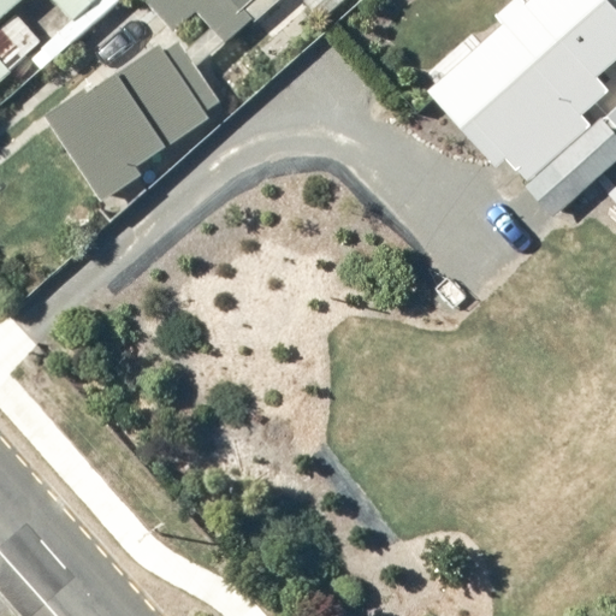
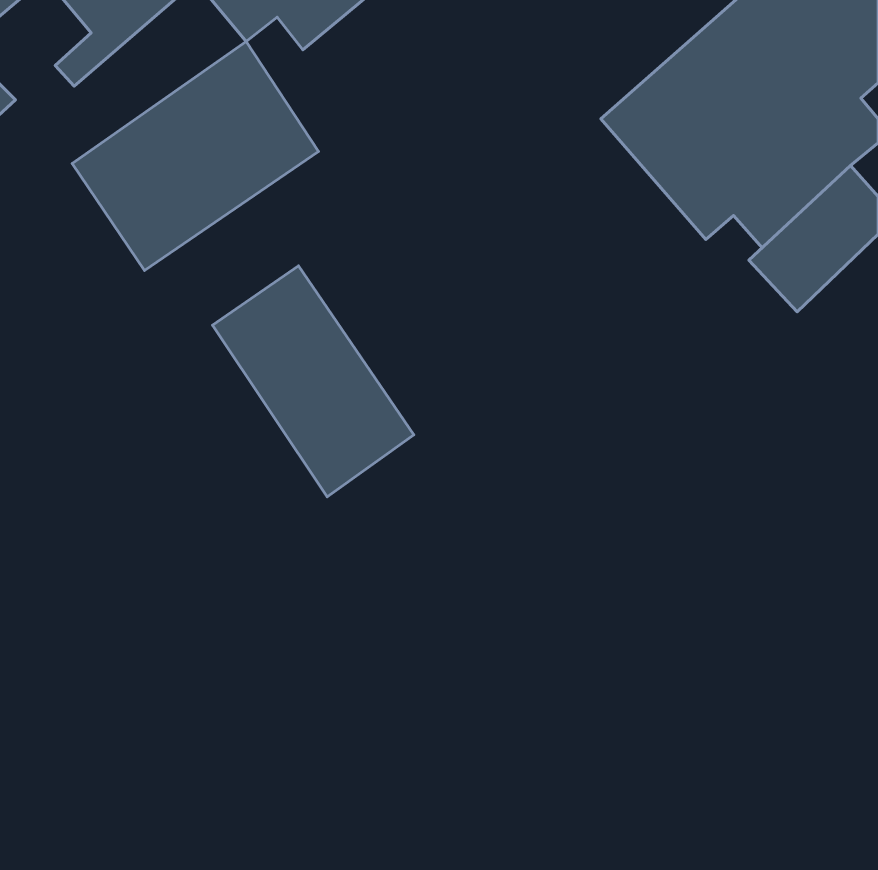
building: none -> [213,266,414,497]

